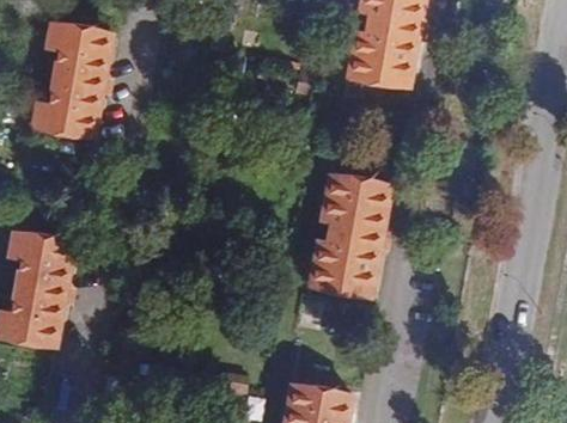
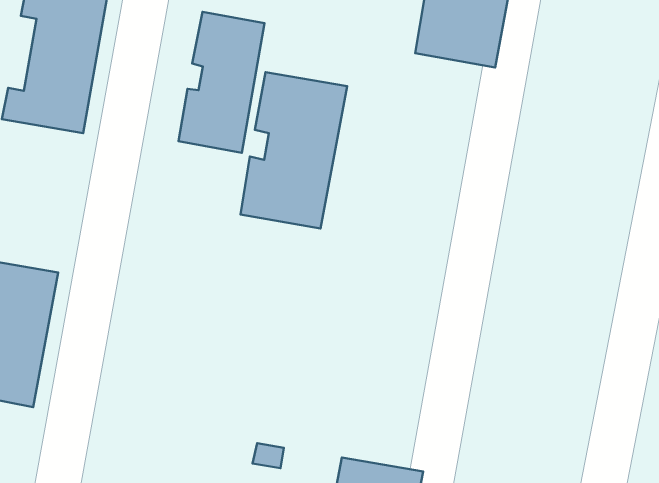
building: none -> [179,12,264,153]
building: [311,174,392,294] -> [241,72,347,229]

